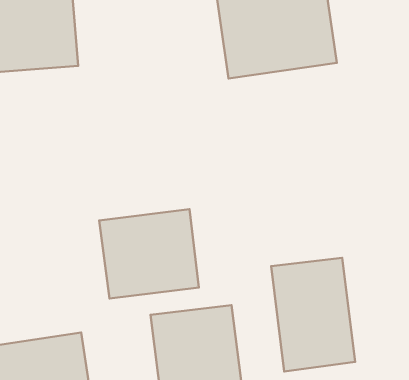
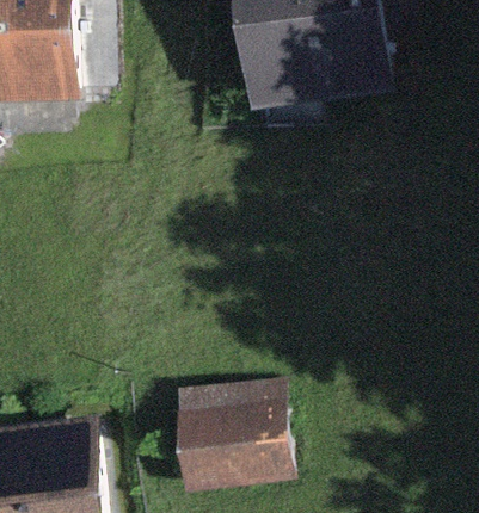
building: [99,209,199,299] -> none
building: [271,258,355,371] -> none

